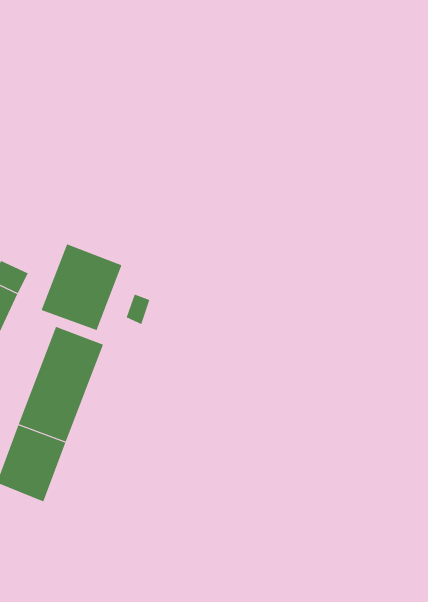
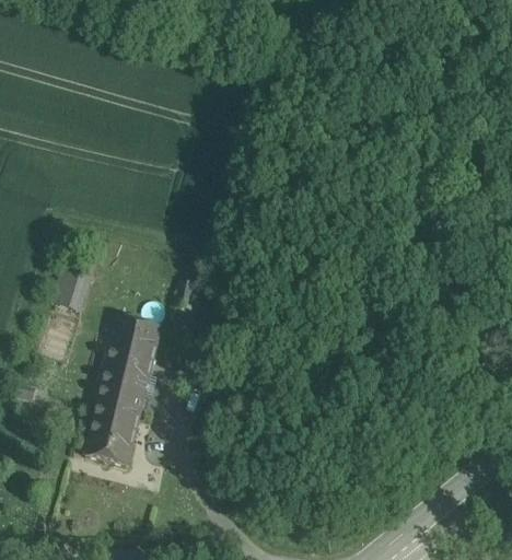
building: [41,244,122,331] -> none

